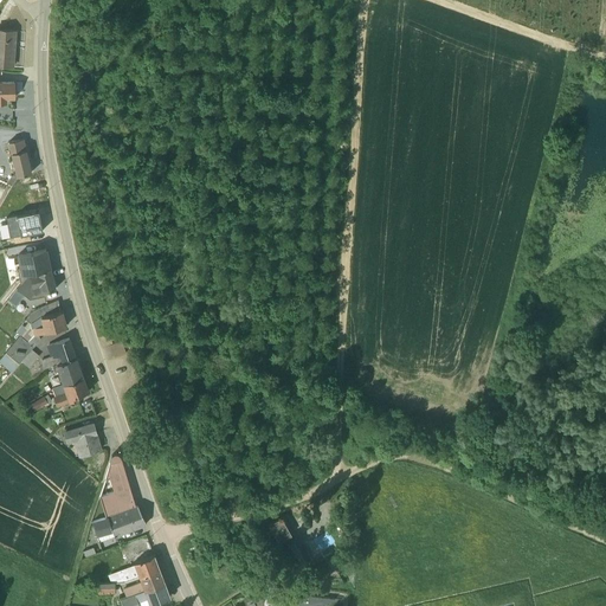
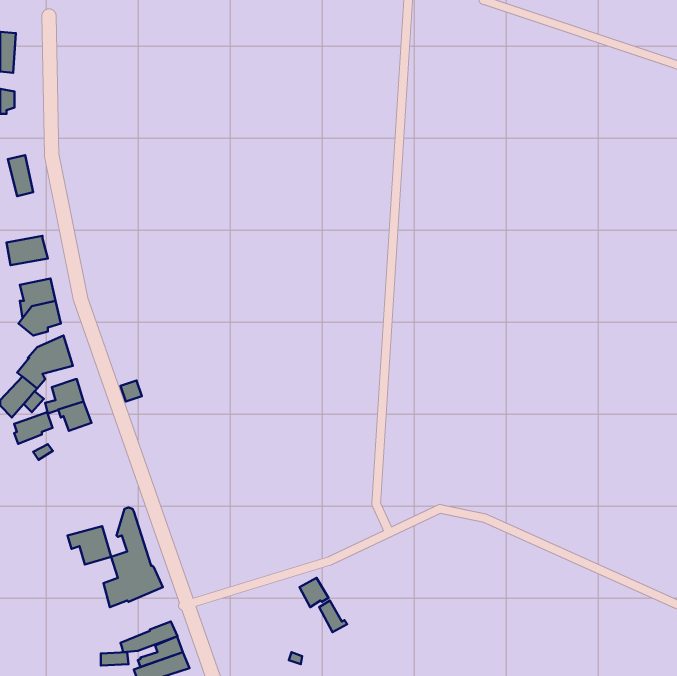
building: [52,379,86,407] -> [14,412,52,444]
building: [63,424,102,458] -> [68,526,111,565]

